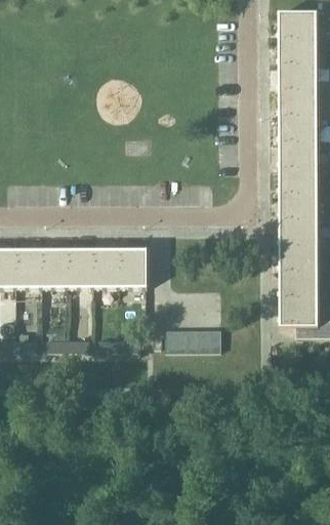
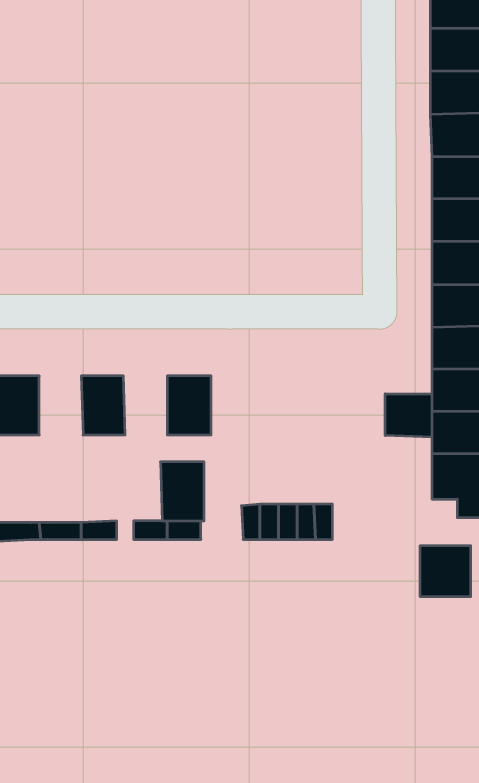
building: [42,250,69,286] -> none
building: [93,250,120,286] -> [160,462,204,521]
building: none -> [385,394,432,437]
building: none -> [420,546,471,597]

